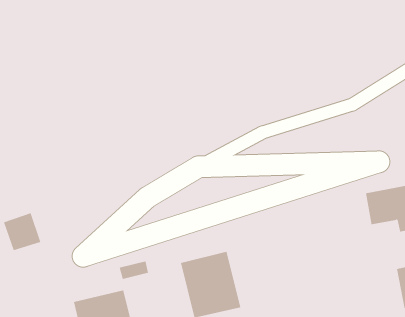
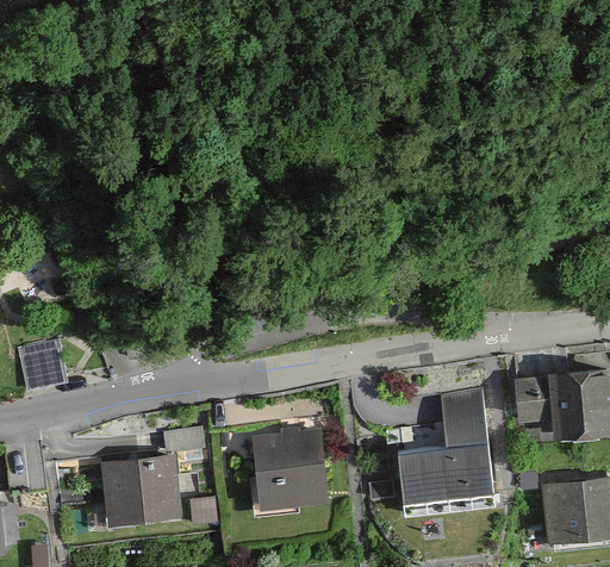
building: none -> [398,392,491,504]

